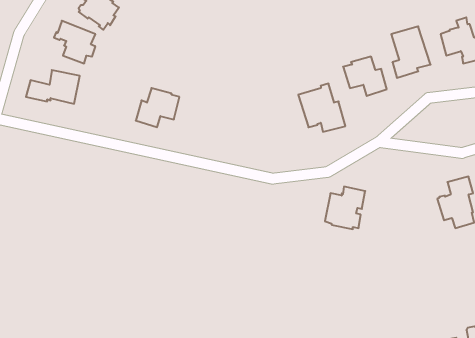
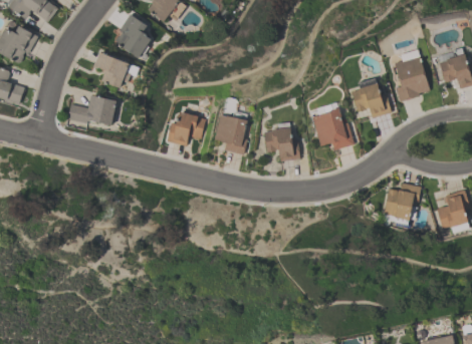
building: none -> [214,111,247,153]
building: none -> [264,121,299,160]
building: [325,187,365,229] -> [384,183,420,221]

